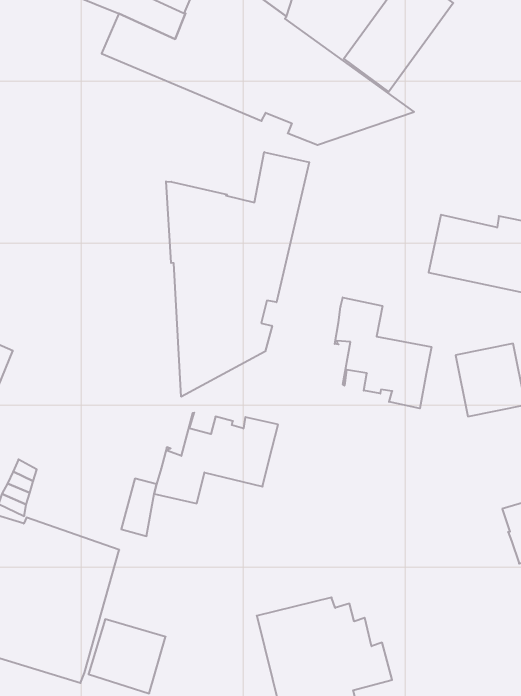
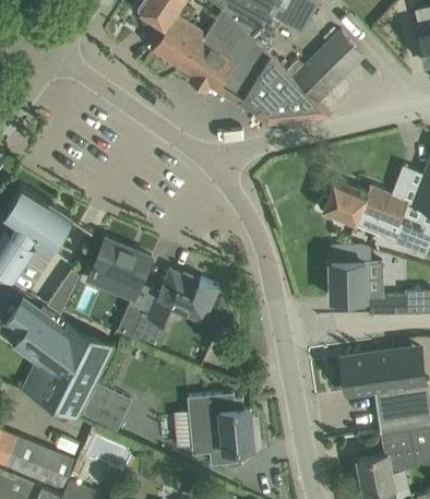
building: [166,152,309,397] -> none
building: [335,297,431,408] -> none
building: none -> [87,239,152,301]

